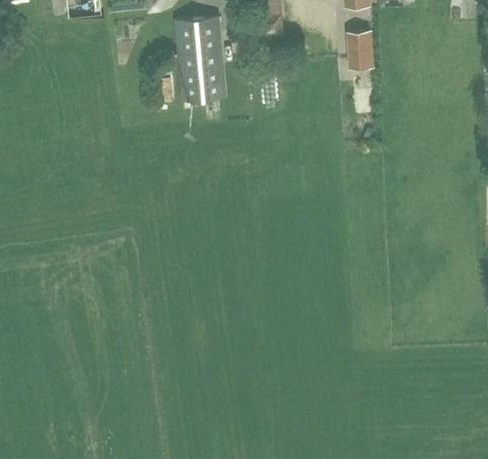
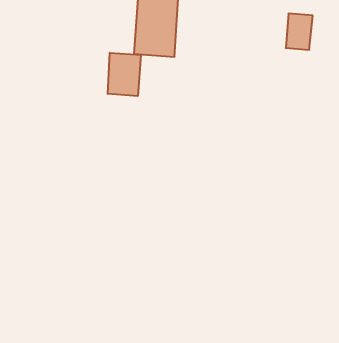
building: none -> [108,53,141,96]

